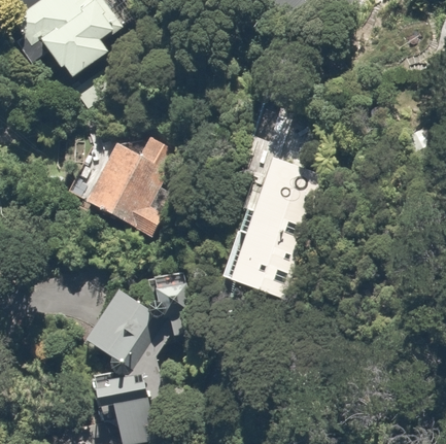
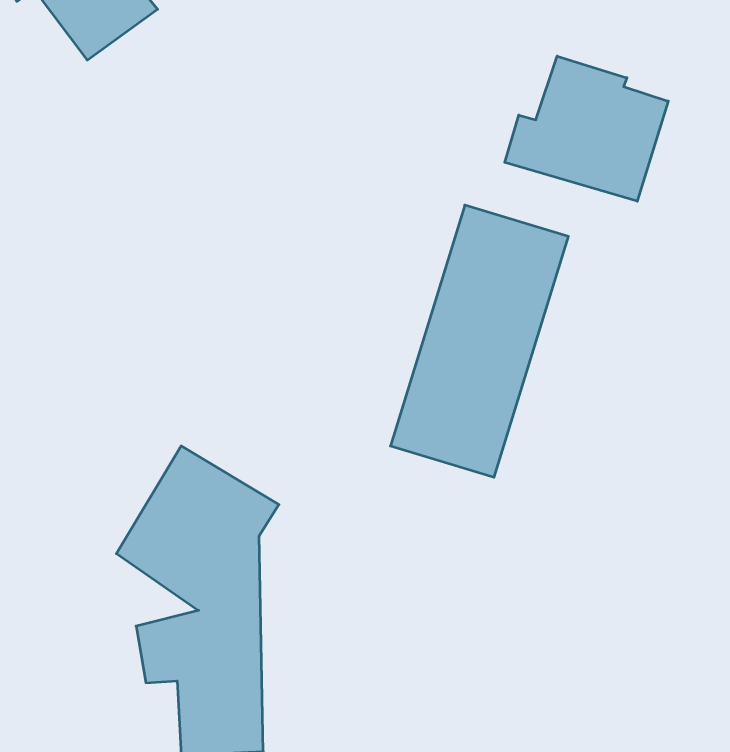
building: none -> [505,56,668,201]
building: [85,139,176,228] -> none

